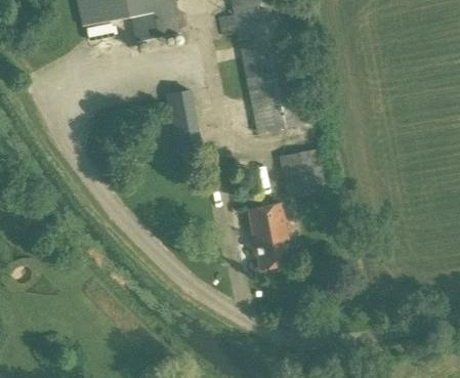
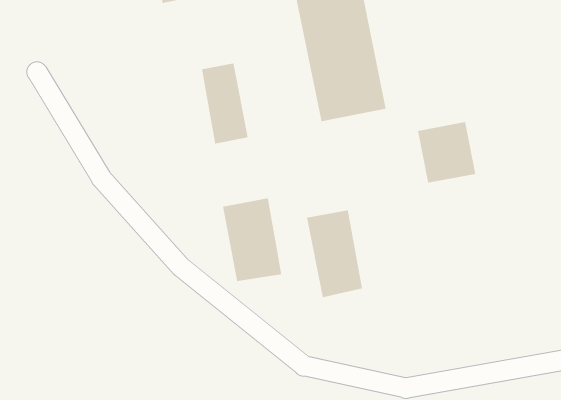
building: [279,148,325,196] -> [417,122,476,183]
building: none -> [222,198,282,282]

